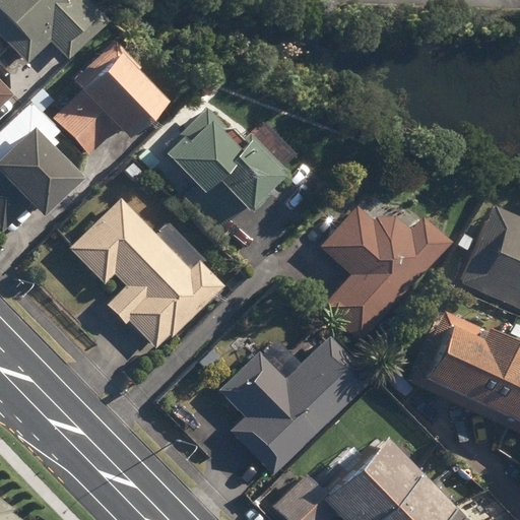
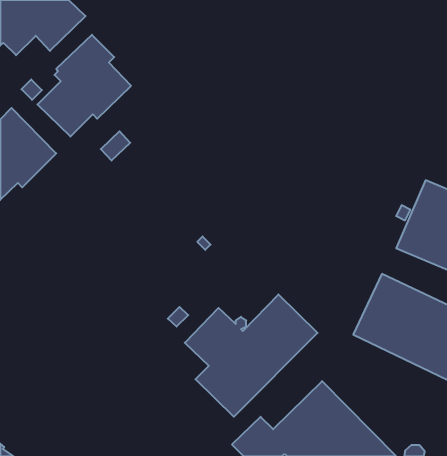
building: [157,106,289,231] -> none
building: [70,197,225,347] -> none
building: [320,205,451,341] -> none

